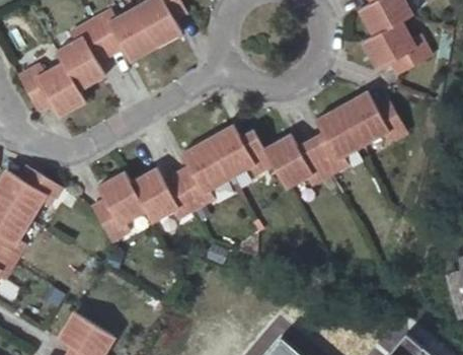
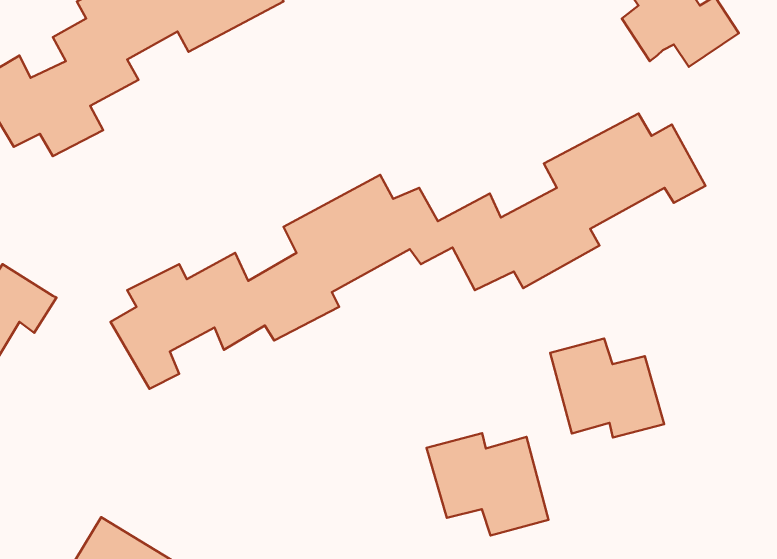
building: none -> [550,338,664,437]
building: none -> [427,433,549,536]

